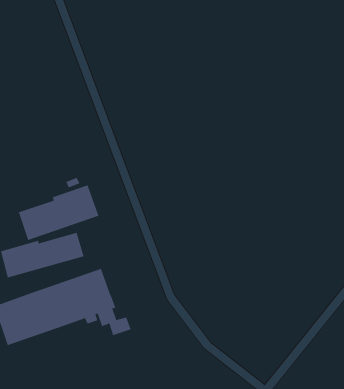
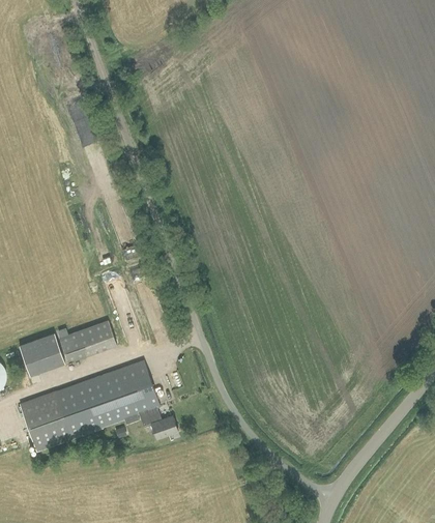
building: [18,185,99,241] -> none

